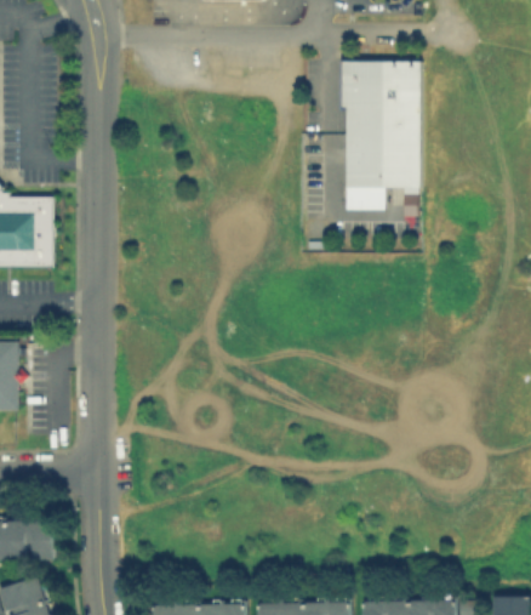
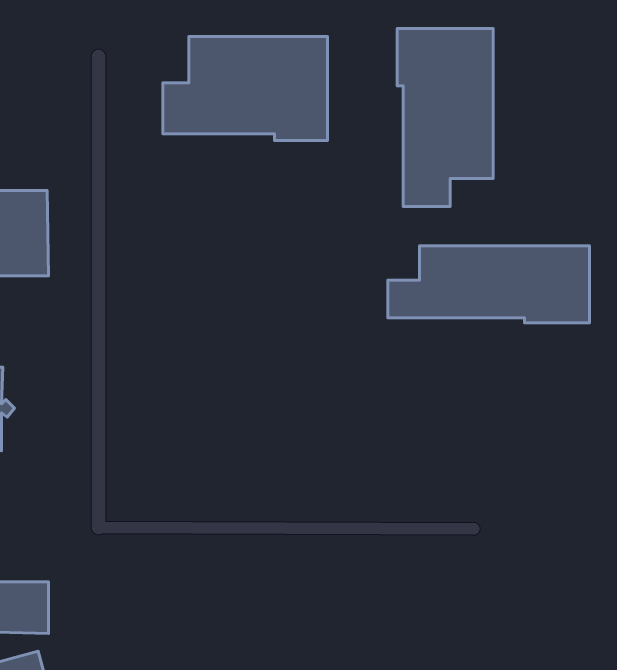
building: none -> [163,36,327,140]
building: none -> [388,246,590,323]

